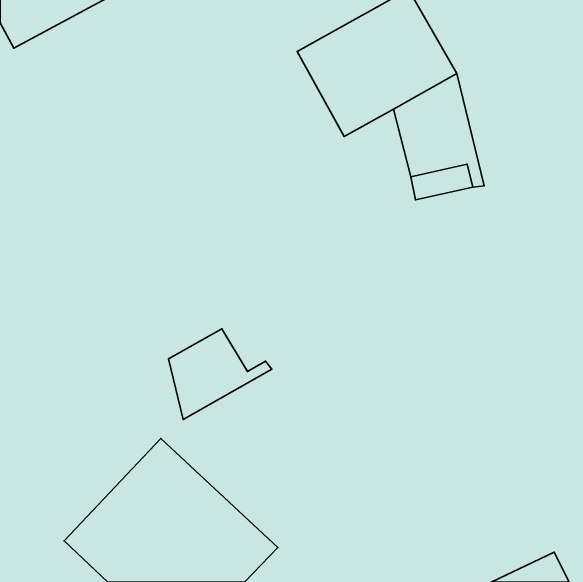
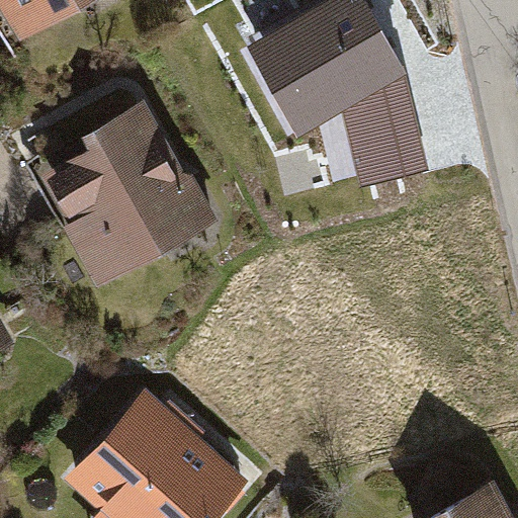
building: none -> [38,105,219,294]
building: [168,329,272,420] -> none

